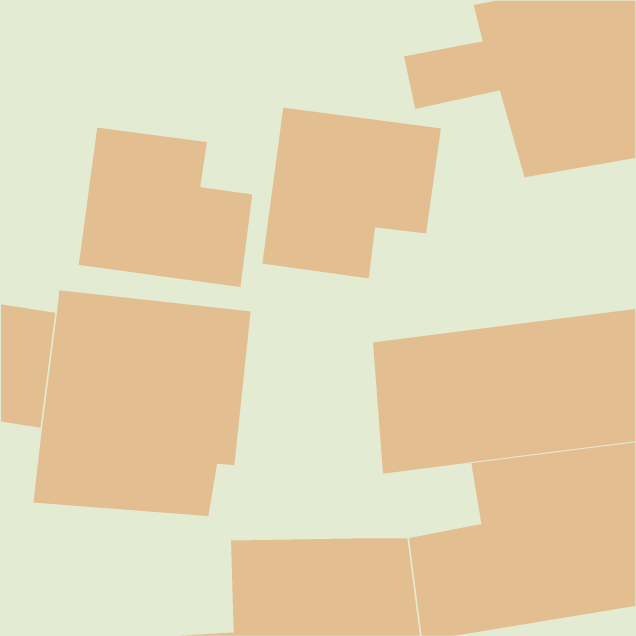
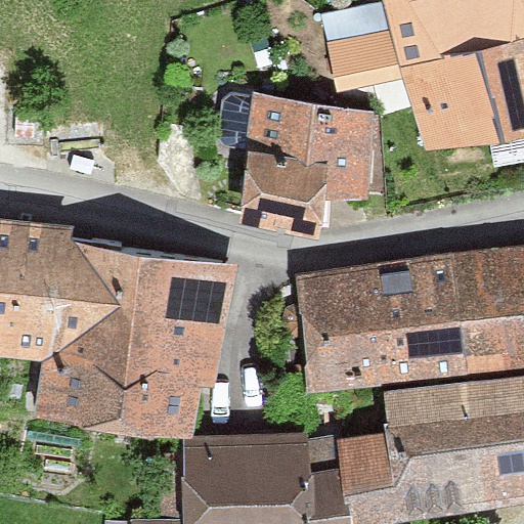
building: [78,127,253,288] -> none

